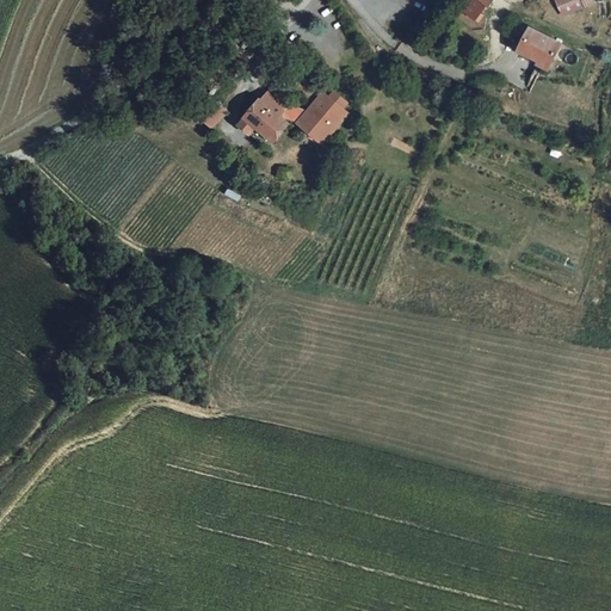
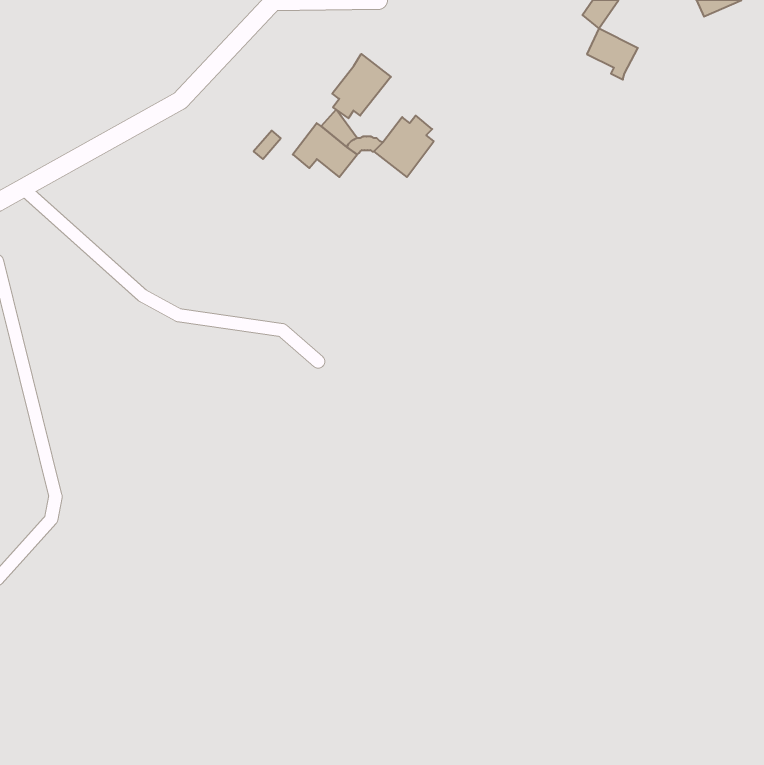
building: [517,29,557,69] -> [587,28,638,80]
building: none -> [332,54,391,118]

